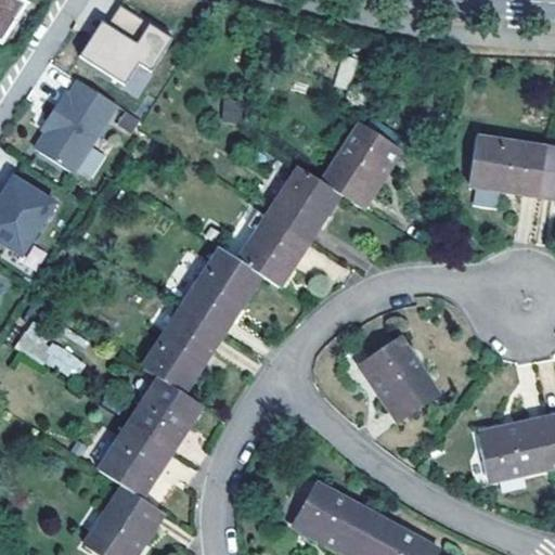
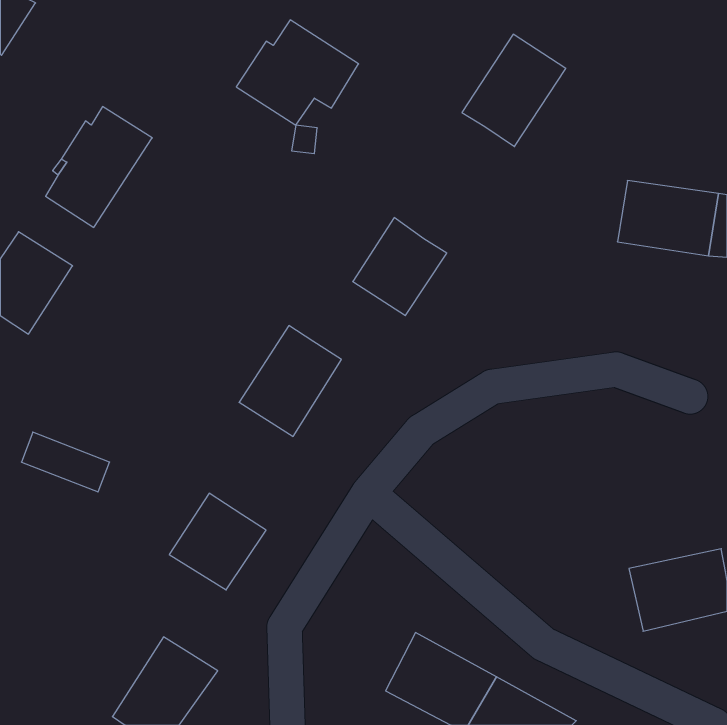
building: [78,5,171,86] -> [236,20,359,125]
building: [323,122,402,208] -> [462,34,566,147]
building: [238,215,309,286] -> none
building: [144,307,223,392] -> none
building: [361,338,440,422] -> none
building: [99,423,172,496] -> none

